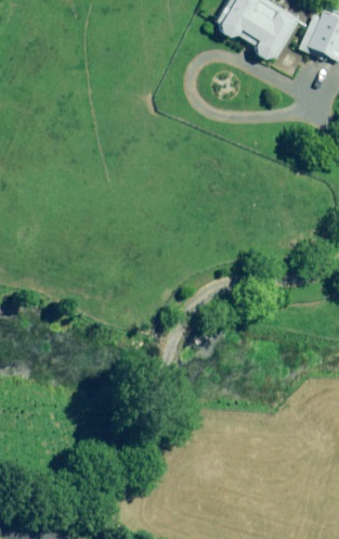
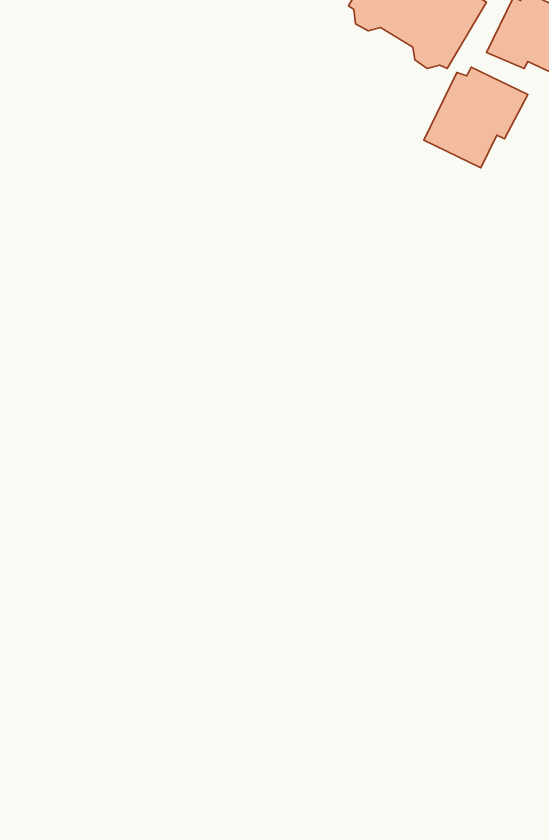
building: none -> [424,67,528,168]

